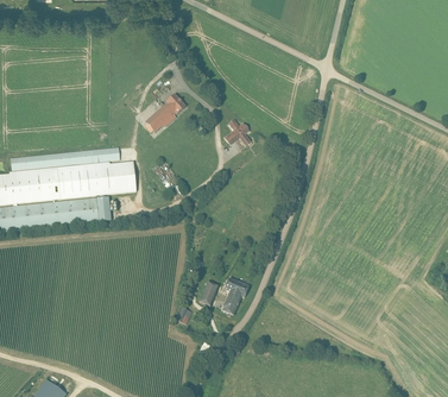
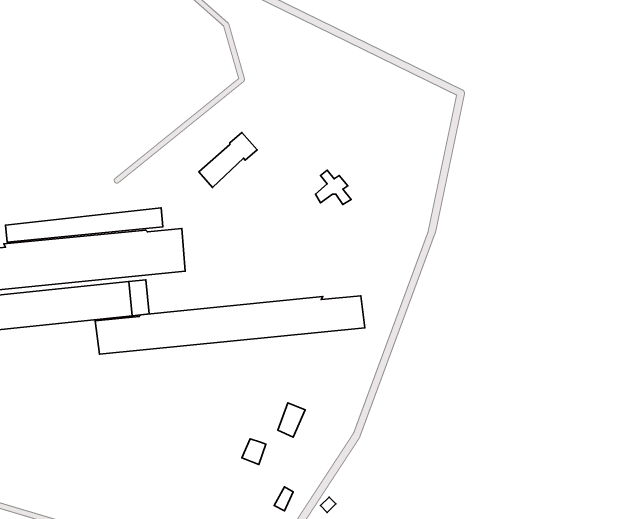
building: none -> [95,296,365,354]
building: [221,278,248,315] -> none

